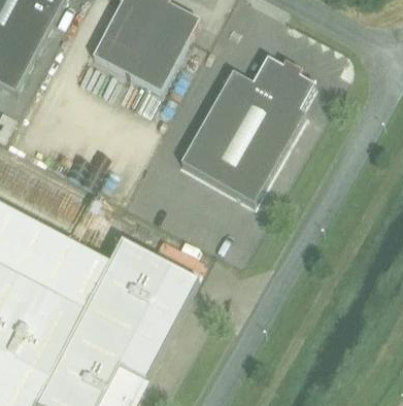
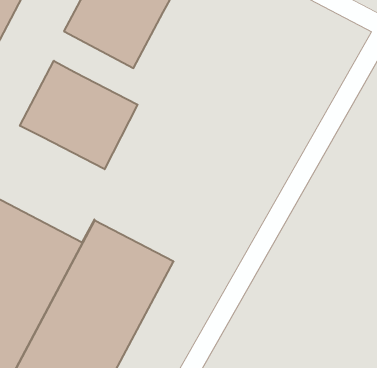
building: [181,55,315,201] -> none
building: none -> [20,61,138,169]

